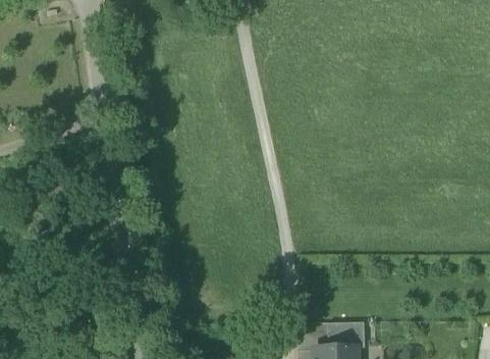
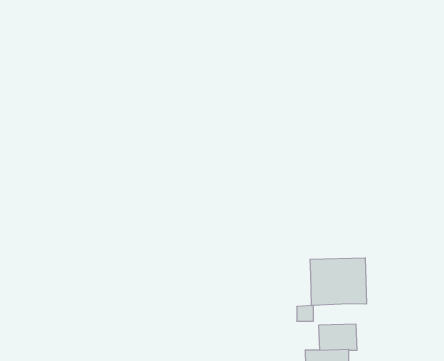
building: none -> [310,258,366,306]

